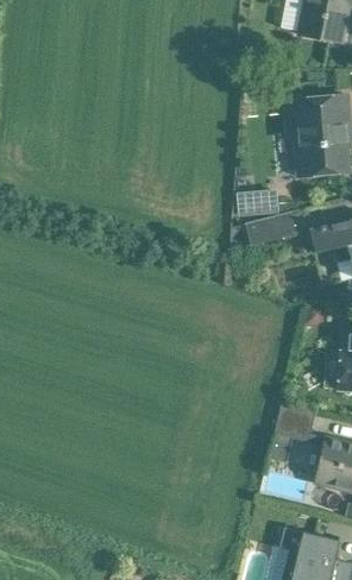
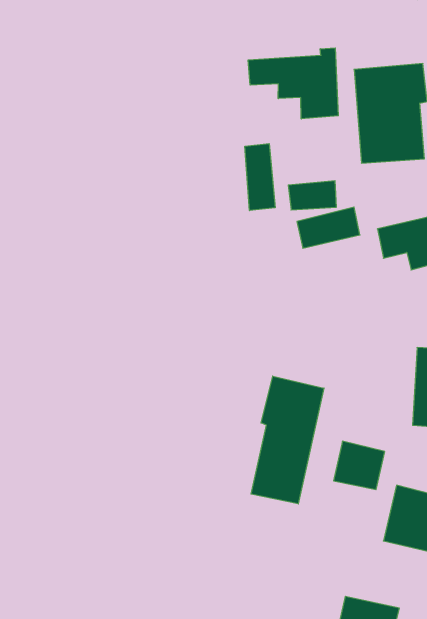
building: none -> [248,48,338,119]
building: none -> [245,144,275,211]
building: none -> [251,376,324,504]

